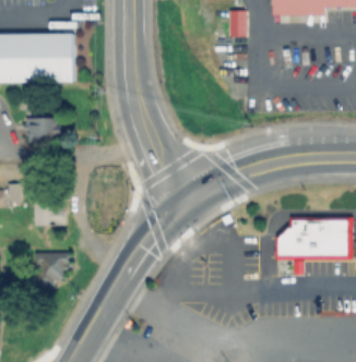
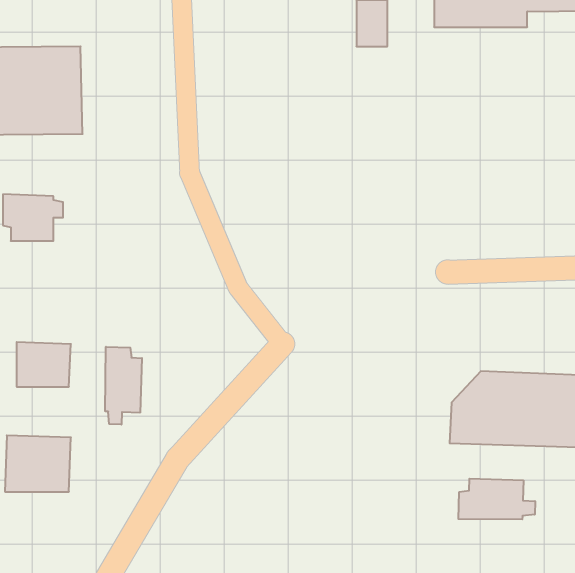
building: none -> [105,347,142,425]
building: none -> [458,479,535,519]

